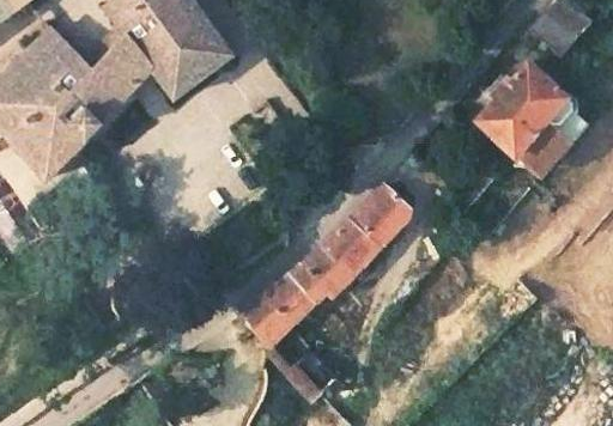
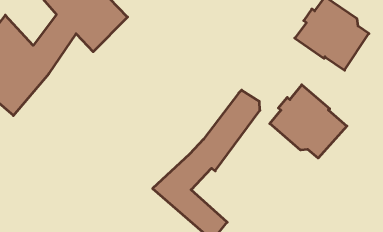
building: none -> [270,85,347,158]

